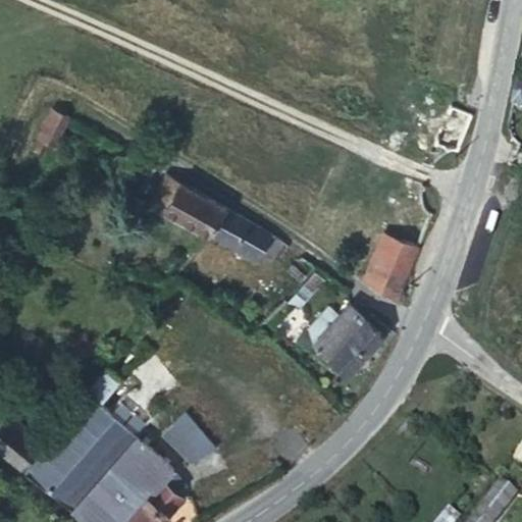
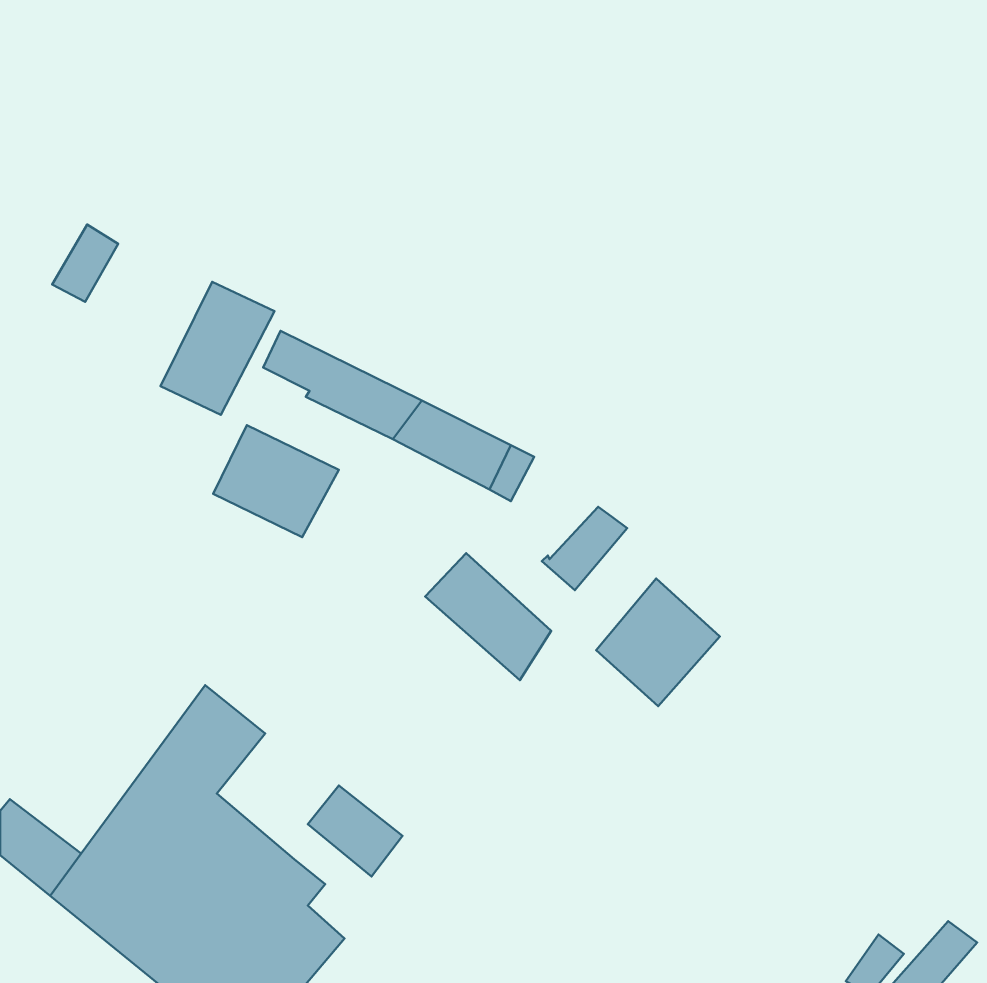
building: none -> [161,282,274,415]
building: none -> [213,425,339,537]
building: [363,233,421,304] -> none
building: none -> [425,553,551,680]

